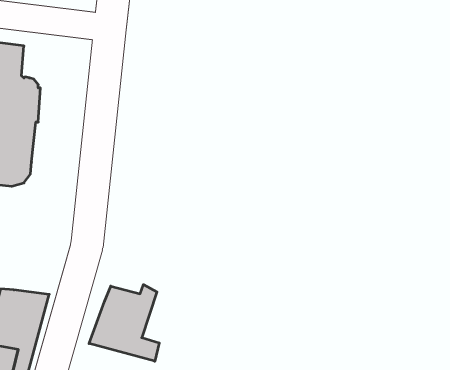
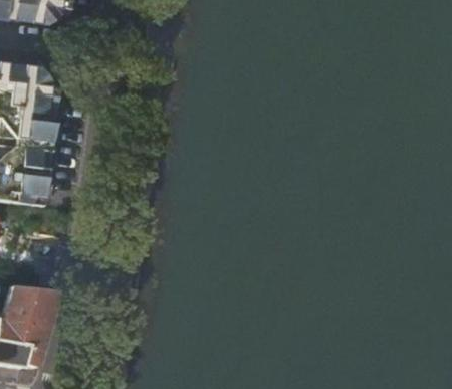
building: [89,285,159,361] -> none

